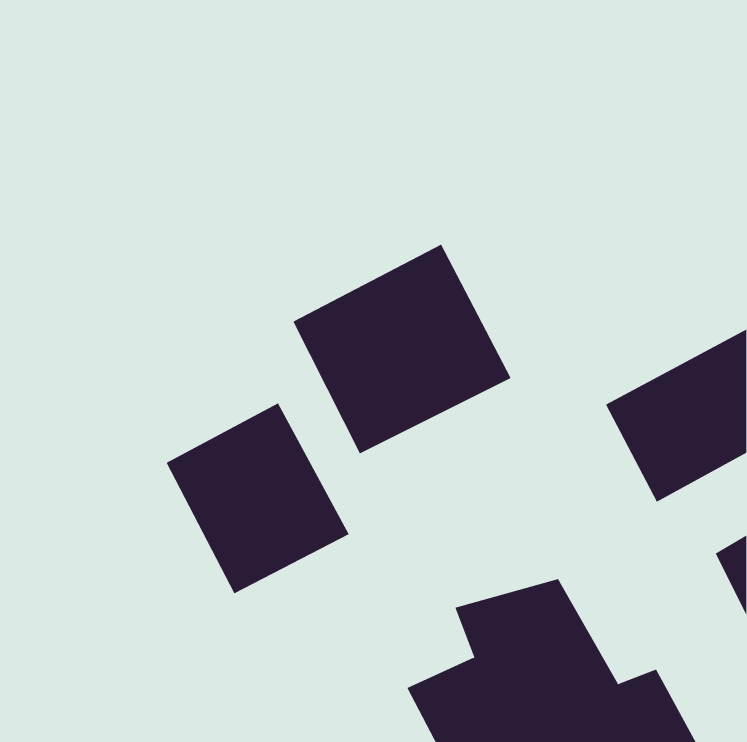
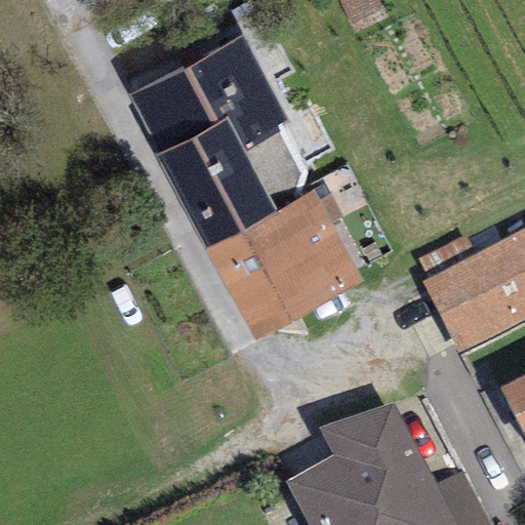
building: none -> [128,22,310,229]
building: [166,402,350,594] -> none

